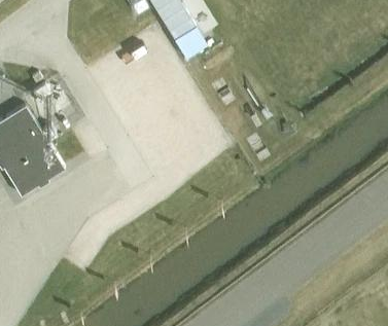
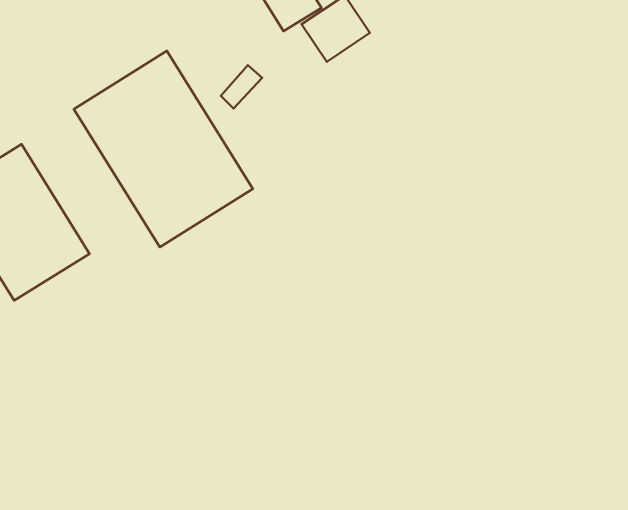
building: none -> [74,51,253,247]

